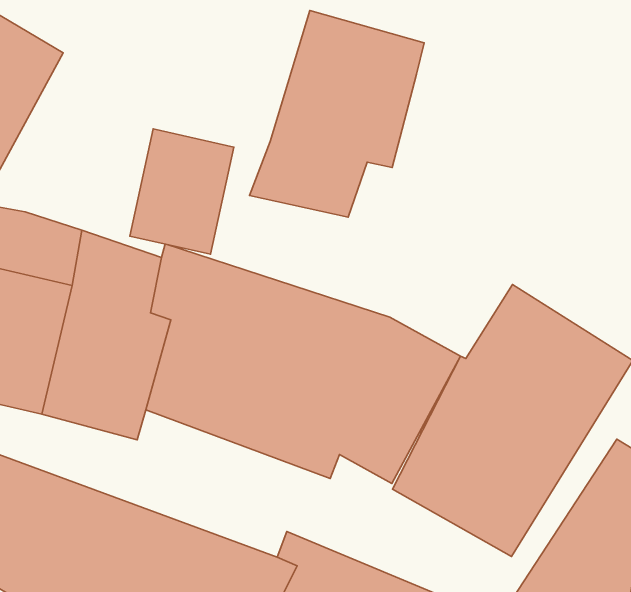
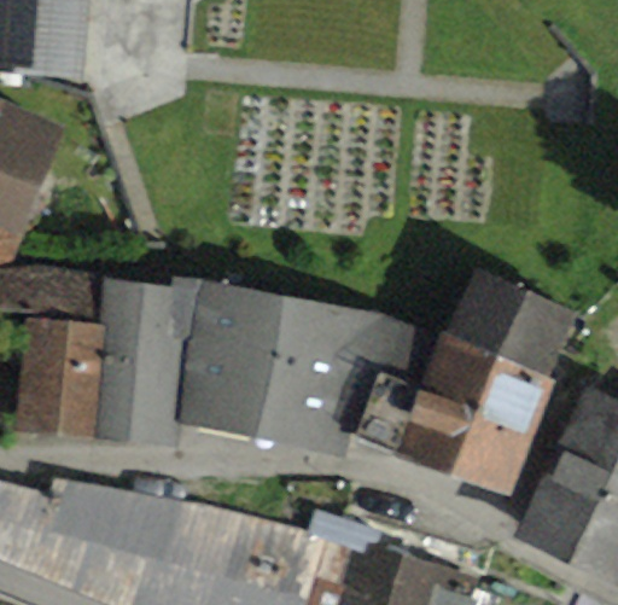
building: [250,11,424,217] -> none
building: [130,129,234,254] -> none

